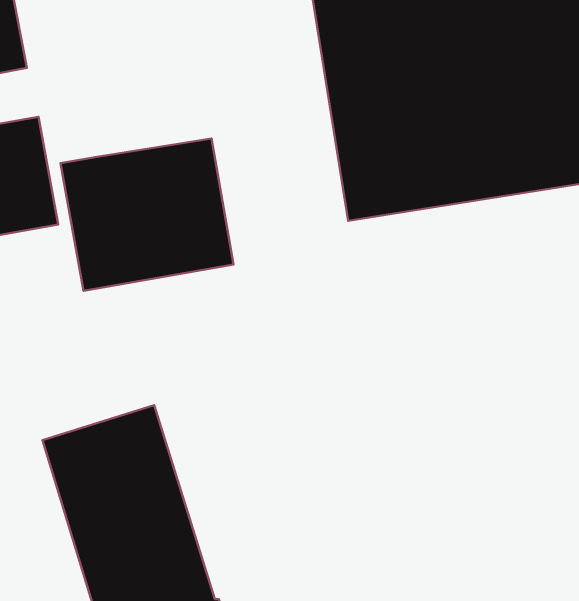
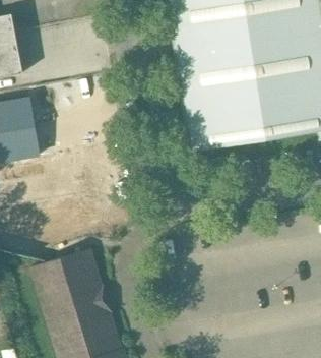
building: [61,139,234,291] -> none

